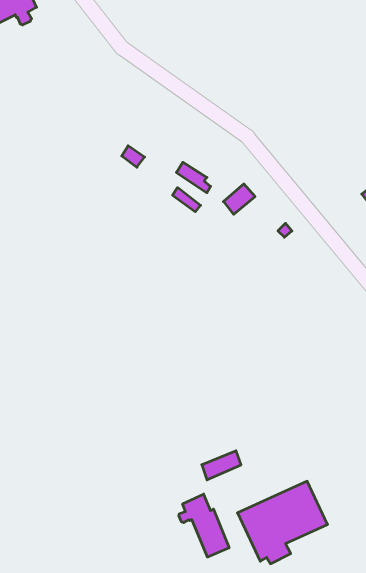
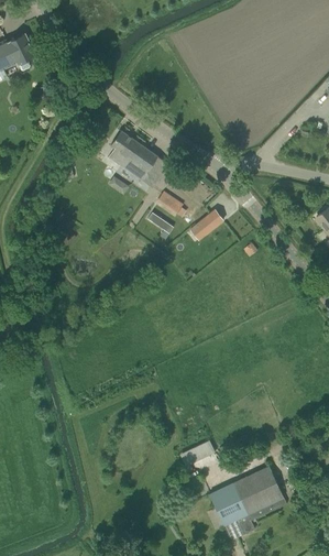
building: none -> [109,130,168,187]
building: [179,494,229,557] -> none

